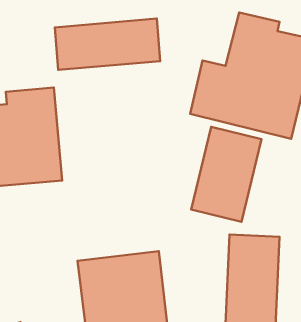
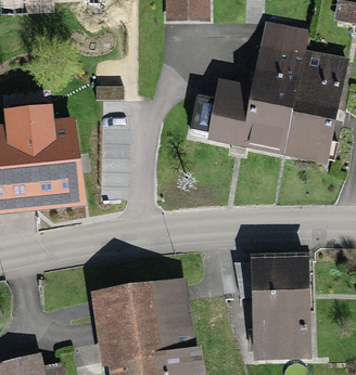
building: [55,19,160,70] -> none
building: [191,127,262,222] -> none

